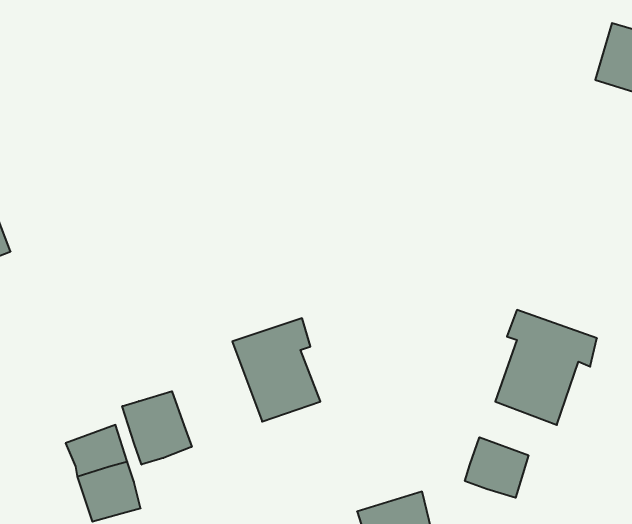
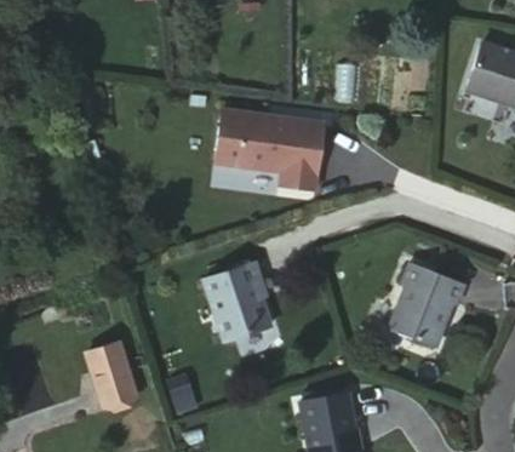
building: none -> [213,114,319,178]
building: [122,391,192,465] -> none
building: [465,437,528,498] -> none

